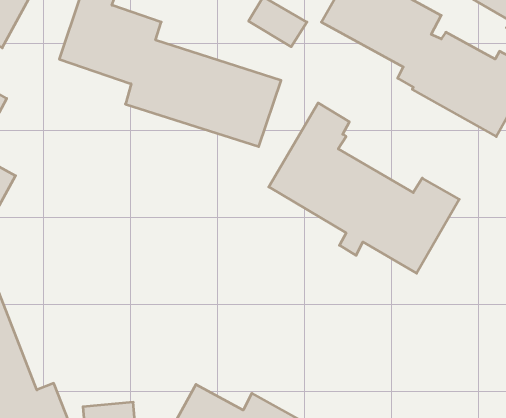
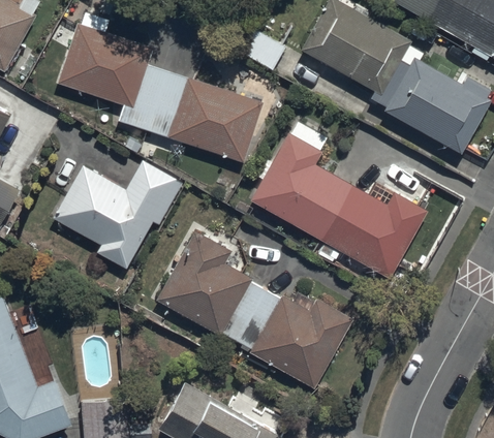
building: none -> [53,160,181,269]
building: none -> [154,227,351,388]

